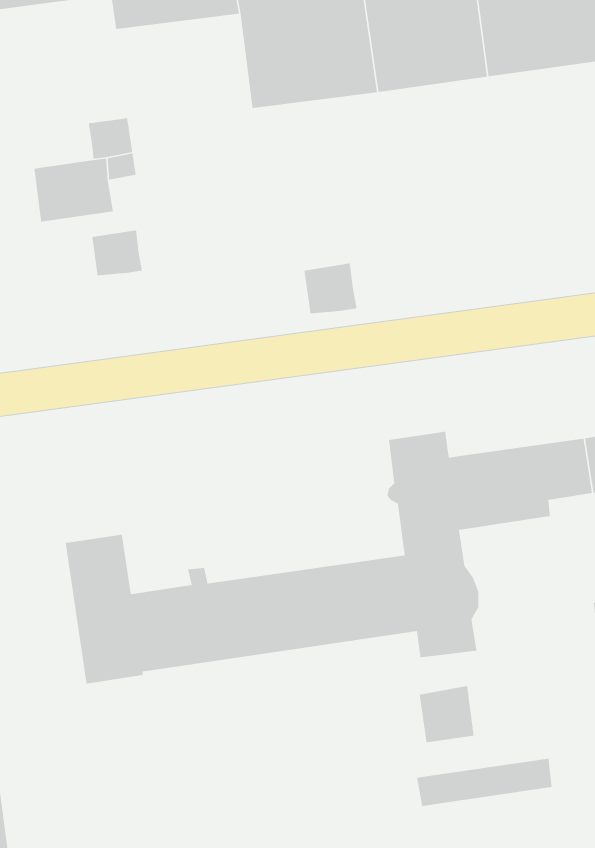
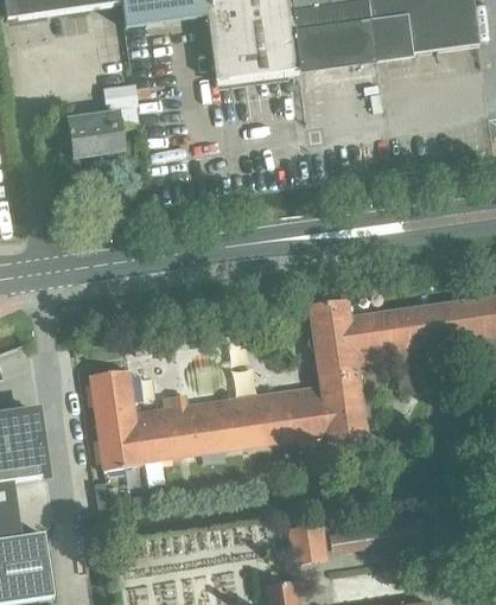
building: [91,230,143,276] -> none
building: [304,263,357,314] -> none
building: [419,685,475,743] -> [290,523,328,562]

